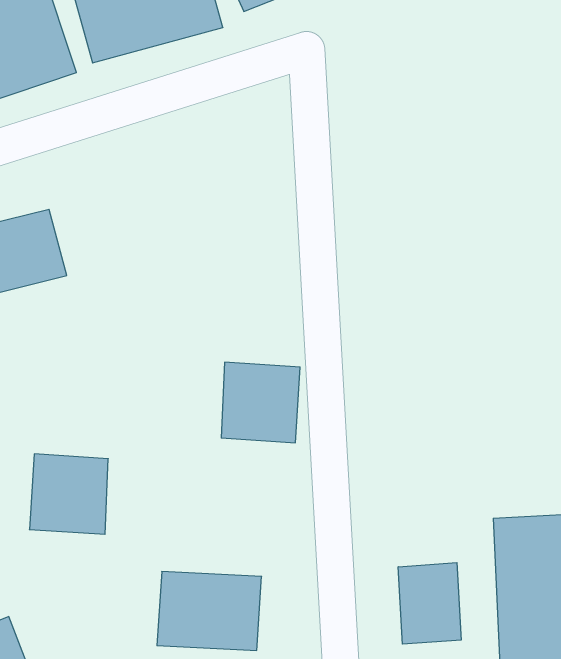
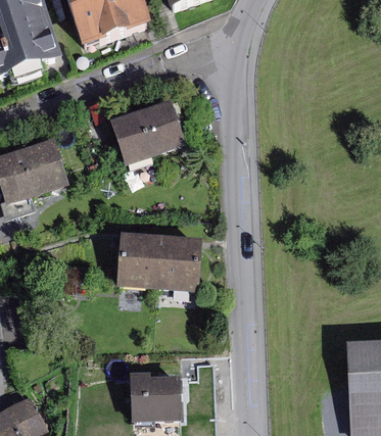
building: none -> [107,102,180,159]
building: [29,454,108,534] -> [116,235,166,286]
building: [398,563,461,644] -> none

